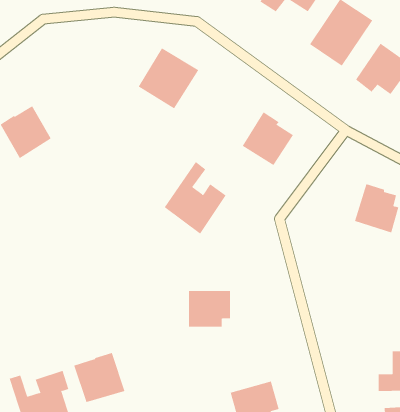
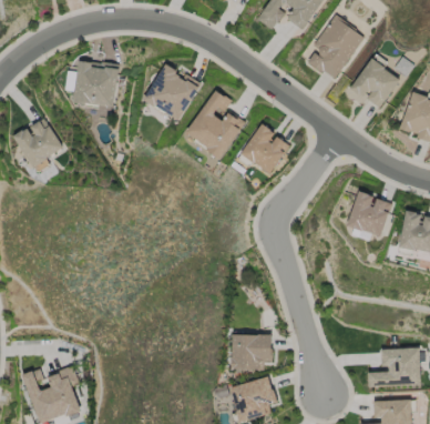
building: none -> [73,62,117,108]
building: [164,161,226,234] -> [185,90,244,159]
building: [188,290,231,327] -> [232,335,272,370]
building: [73,352,125,403] -> none

